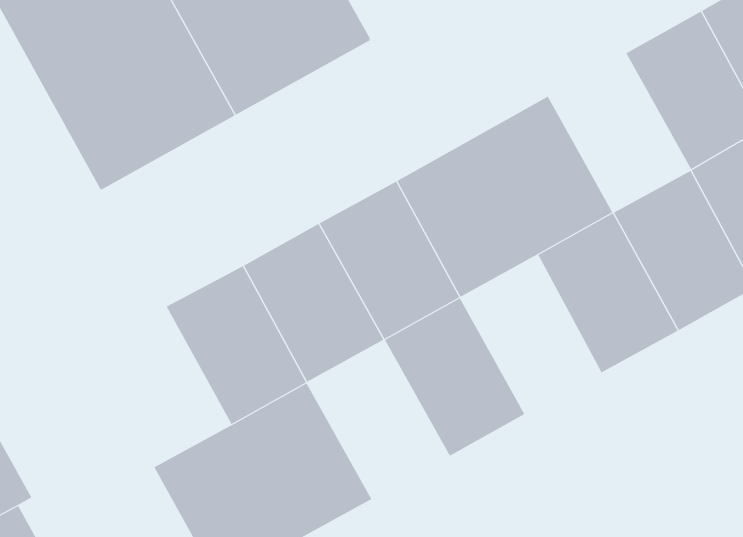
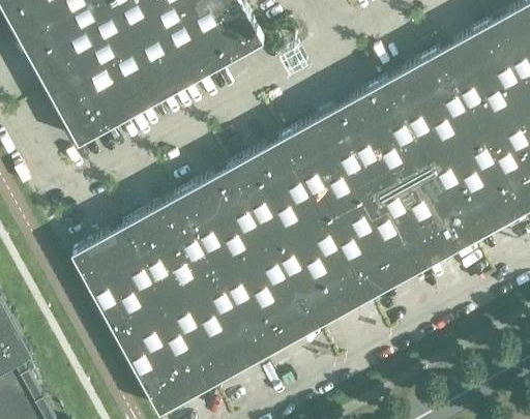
building: none -> [385,53,482,161]
building: none -> [325,190,421,299]
building: none -> [72,226,169,335]
building: none -> [220,248,318,357]

